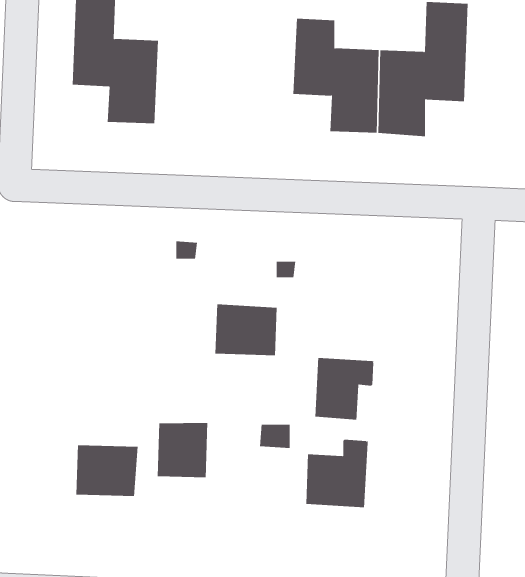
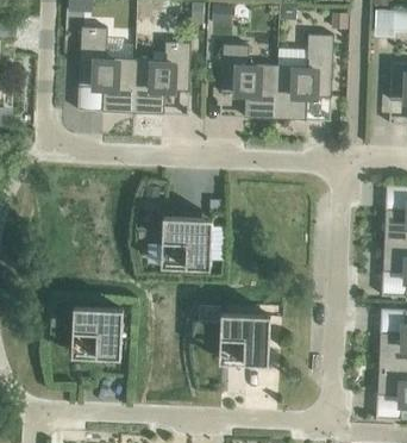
building: none -> [132,42,190,114]
building: [315,357,374,421] -> none
building: [157,422,208,478] -> none

